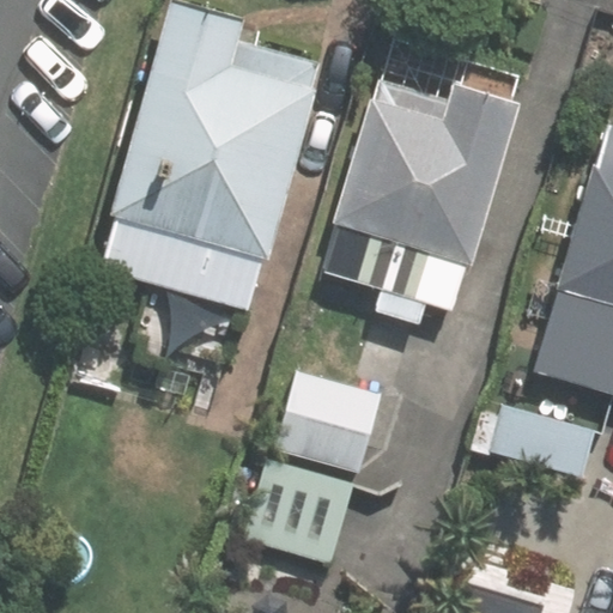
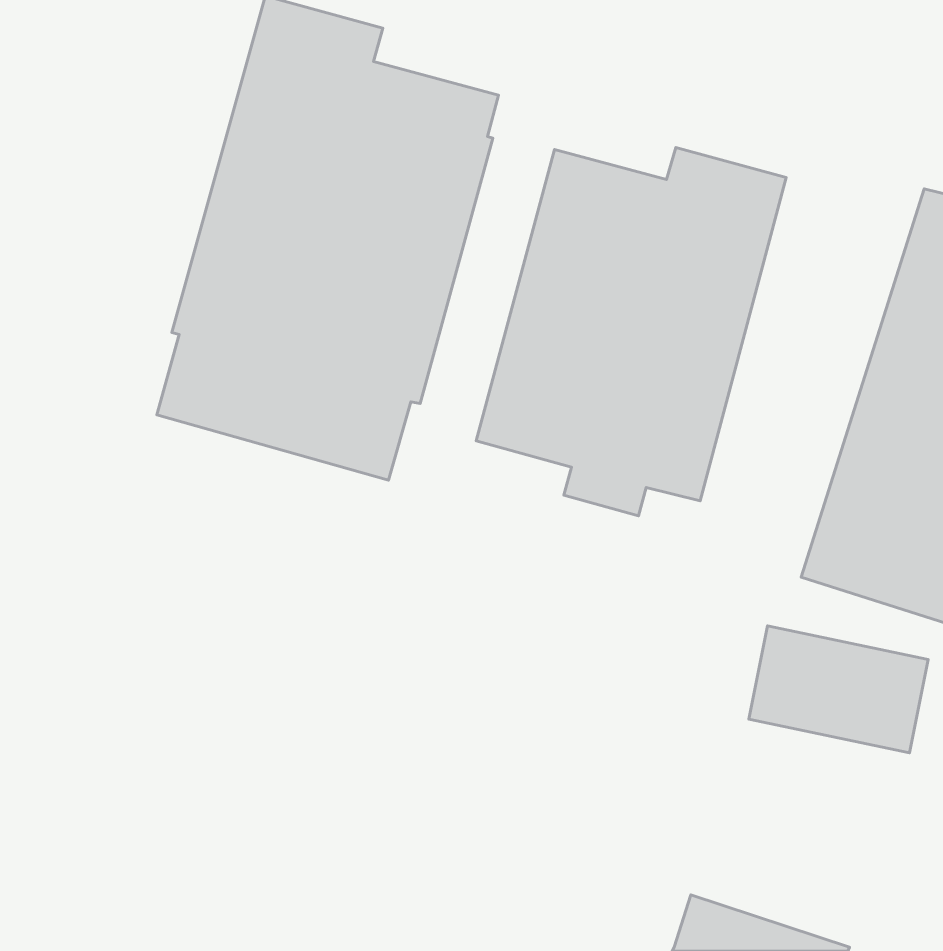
building: [249,370,377,563] -> none

